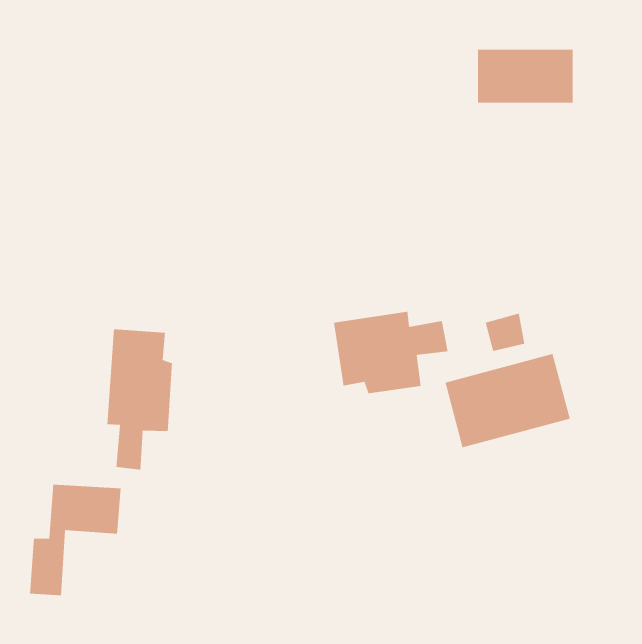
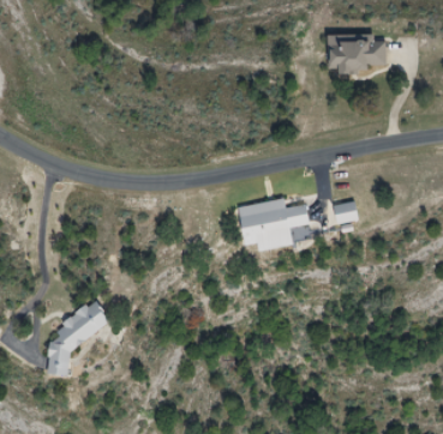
building: [107,328,172,471] -> none
building: [445,353,570,448] -> none

